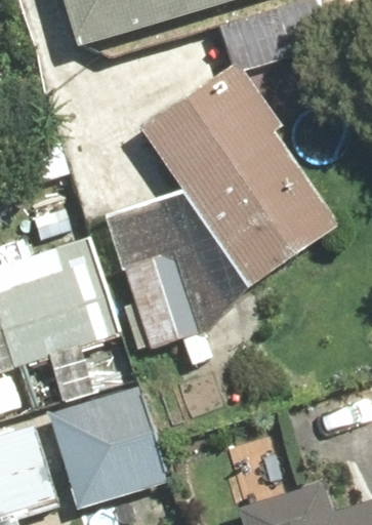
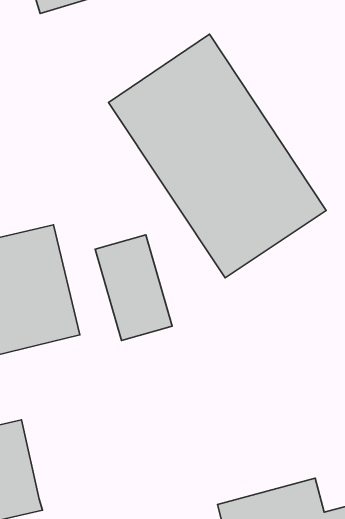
building: [51,389,161,508] -> none

